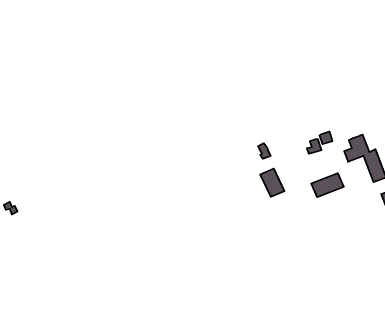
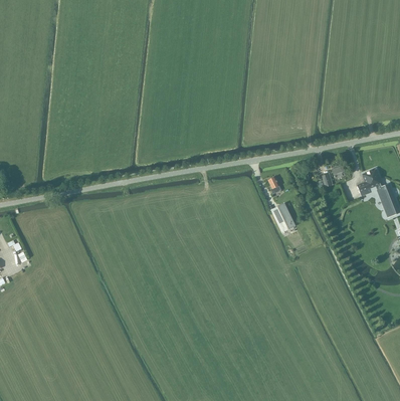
building: [311,173,344,197] -> none

